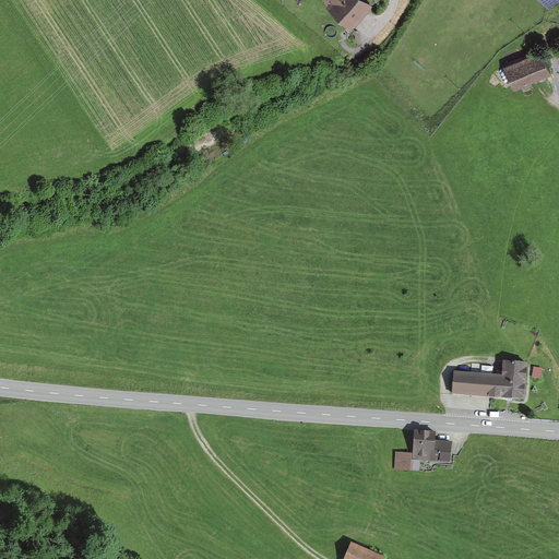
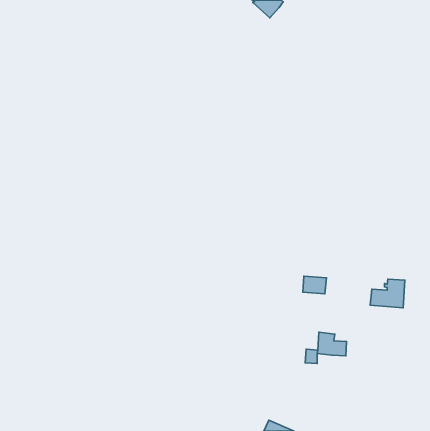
building: [504,50,549,85] -> none
building: [452,372,483,395] -> [303,276,326,294]

